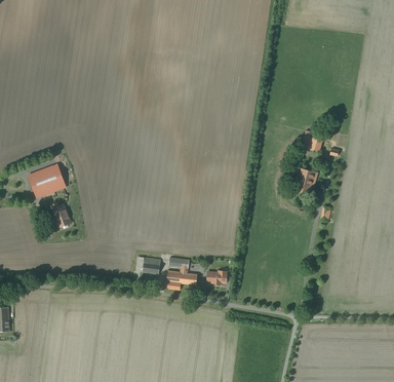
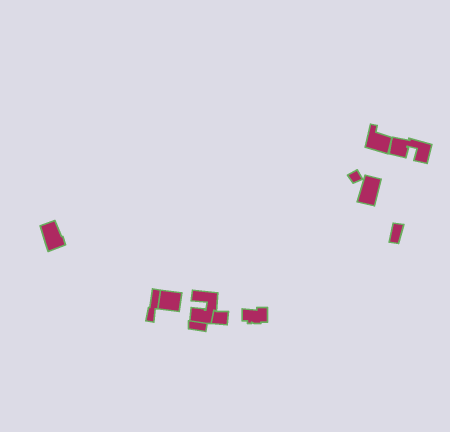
building: none -> [389,137,432,164]
building: [29,165,66,198] -> none

